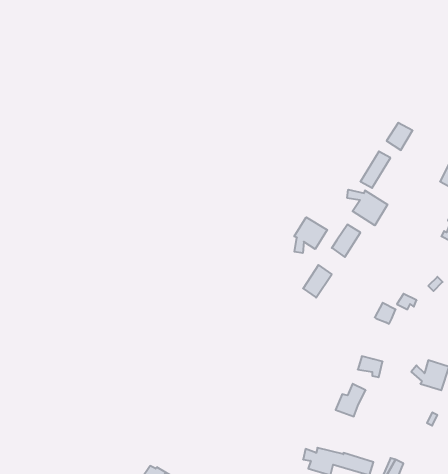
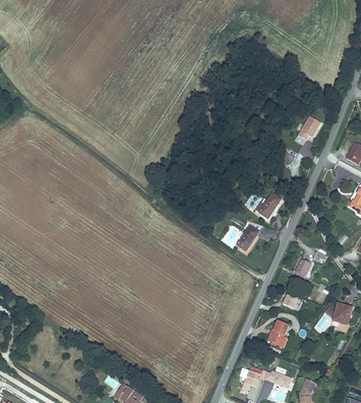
building: [347,190,387,225] -> none
building: [294,217,327,253] -> none

